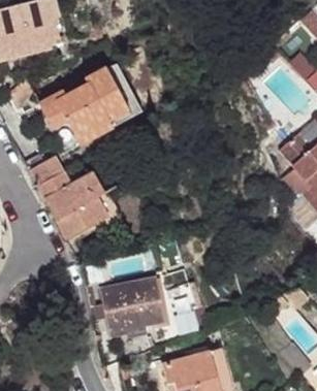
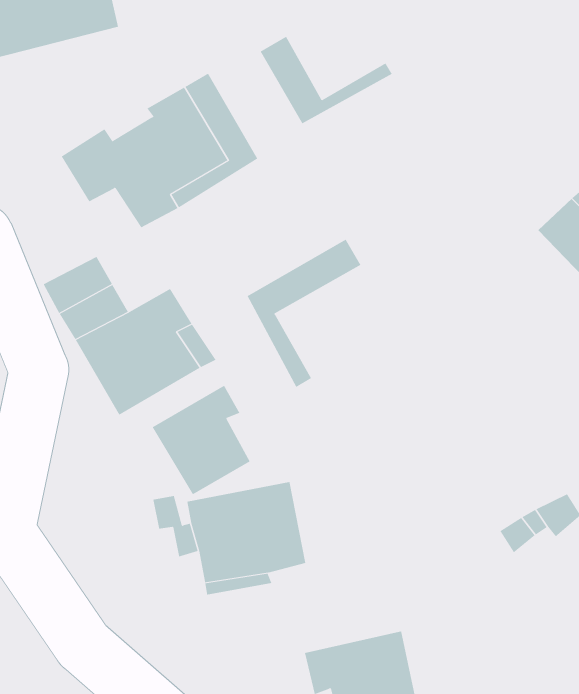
building: none -> [260,36,393,124]
building: none -> [247,239,361,388]
building: none -> [152,385,251,495]

